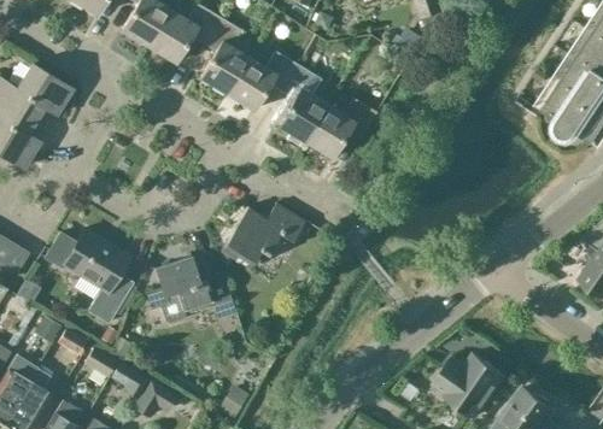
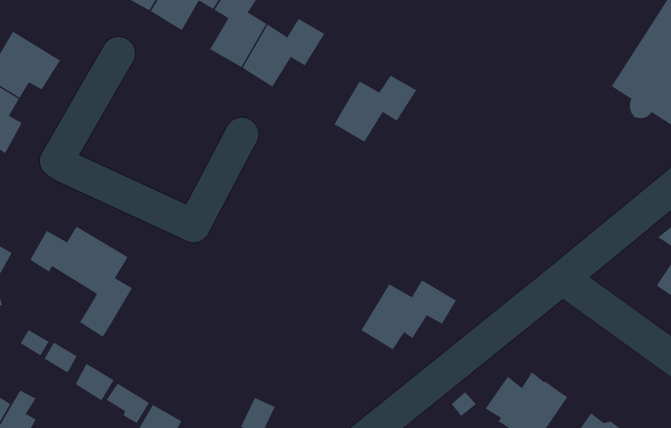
building: [276,65,326,142] -> none
building: [222,204,304,264] -> [361,279,457,350]
building: [145,257,235,324] -> none

